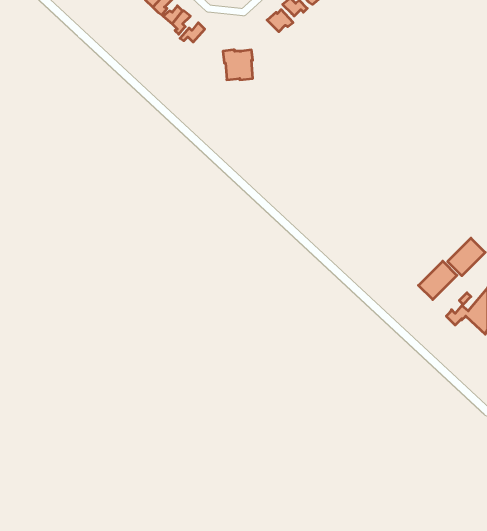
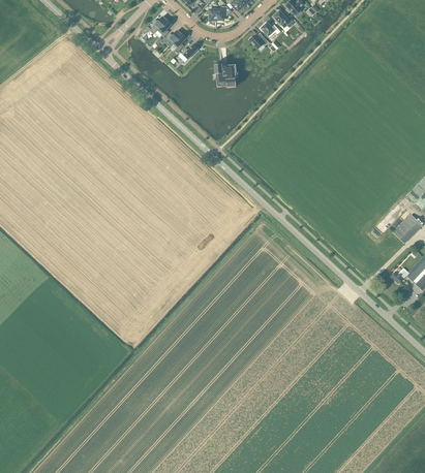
building: [418,261,457,300] -> none

